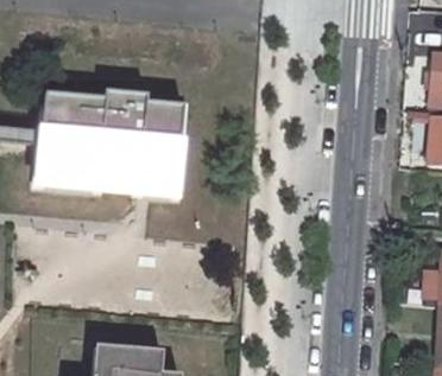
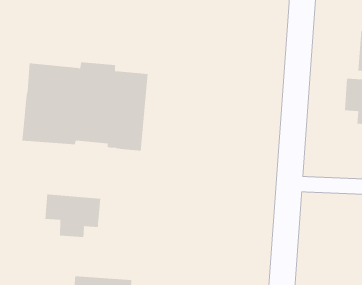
building: none -> [45,193,101,238]

